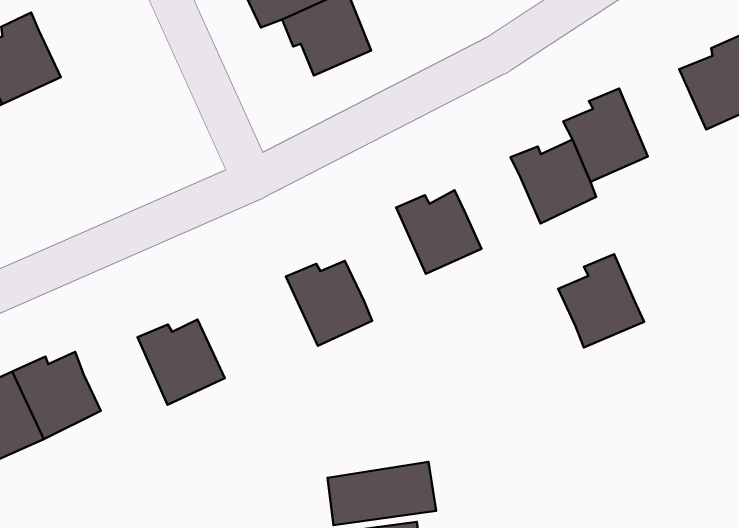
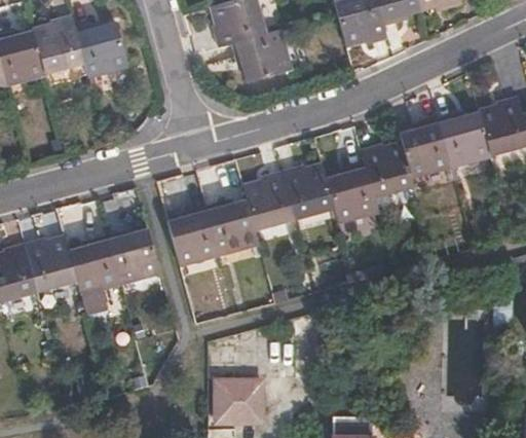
building: none -> [75,21,127,72]
building: none -> [439,116,490,169]
building: none -> [243,176,297,232]
building: [558,254,644,348] -> [328,169,379,225]
building: none -> [167,209,221,266]
building: none -> [69,232,119,308]

